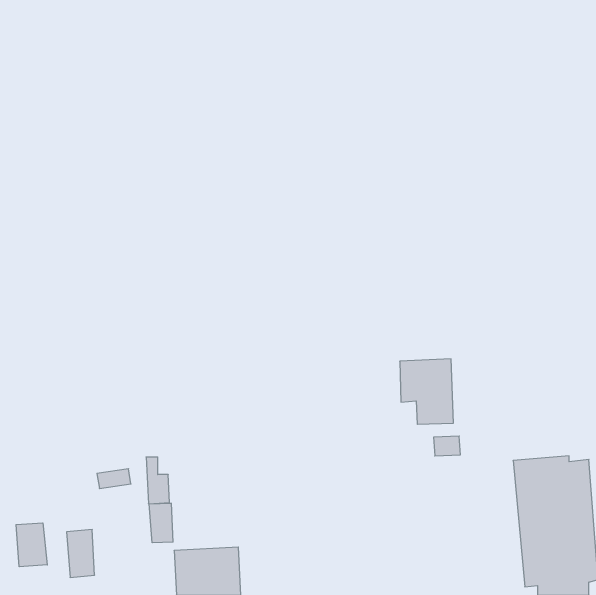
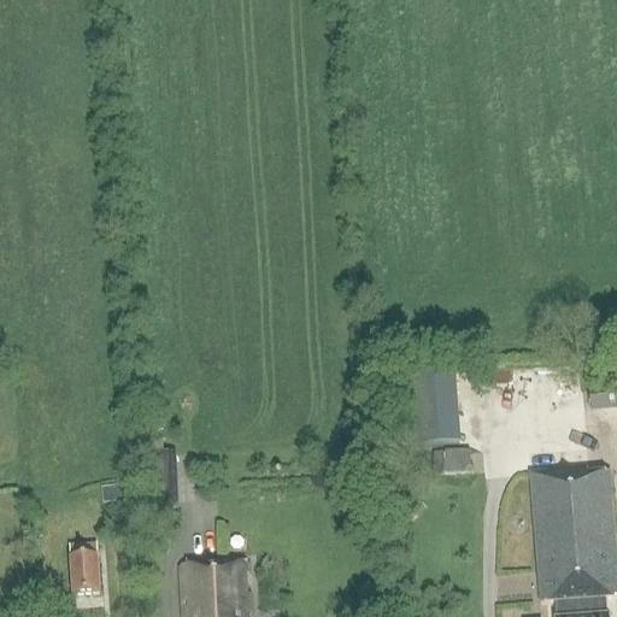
building: [149,503,173,543] -> none
building: [16,523,47,567] -> none

